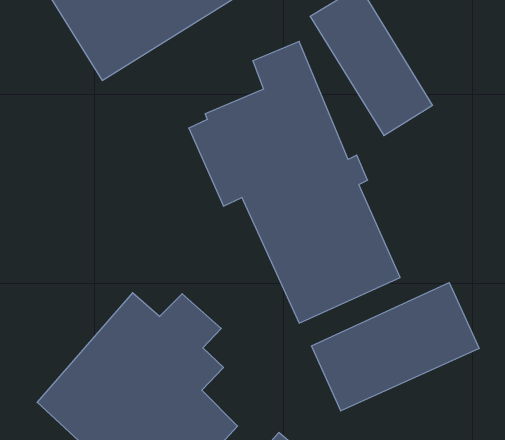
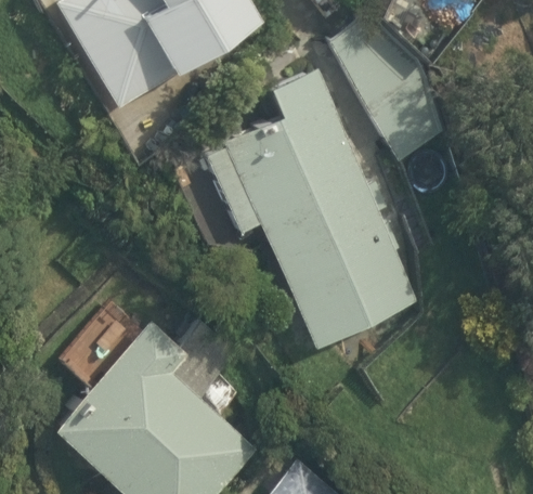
building: [312,283,479,411] -> none

